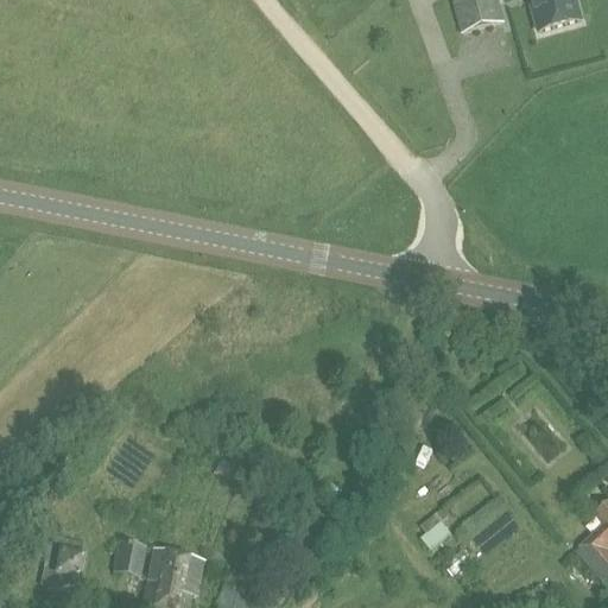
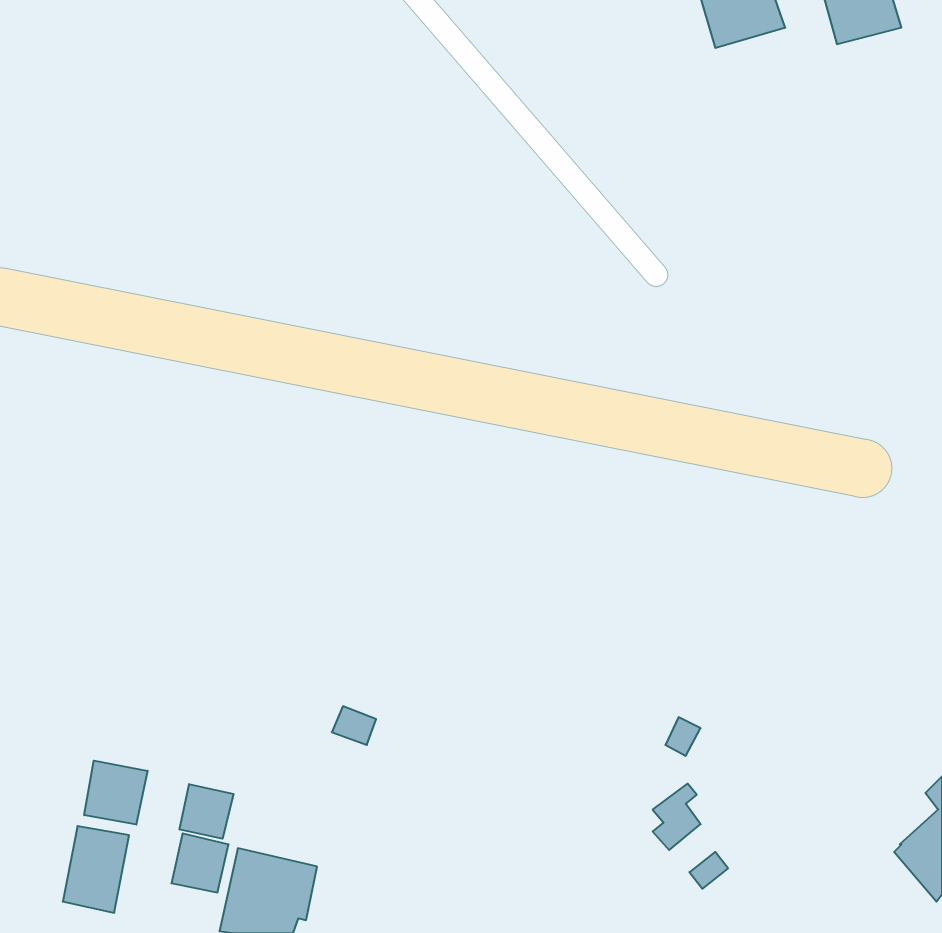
building: none -> [84,761,148,825]
building: none -> [180,784,234,839]

